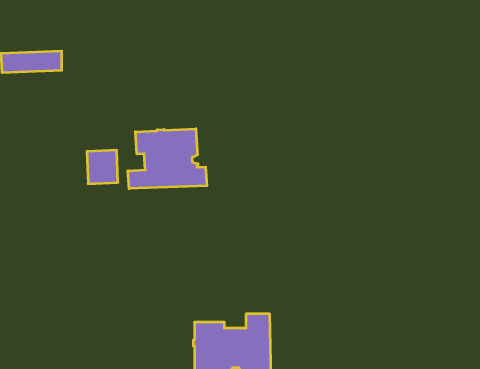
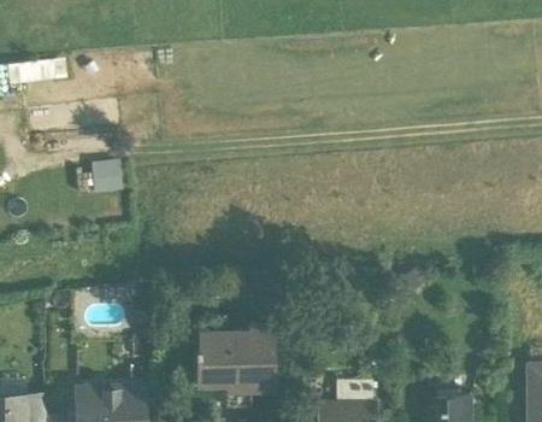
building: [128,129,207,189] -> none

